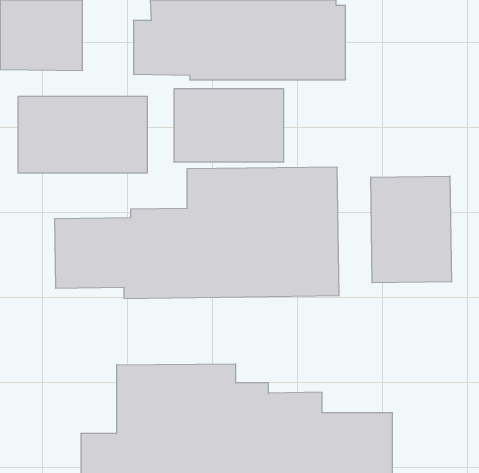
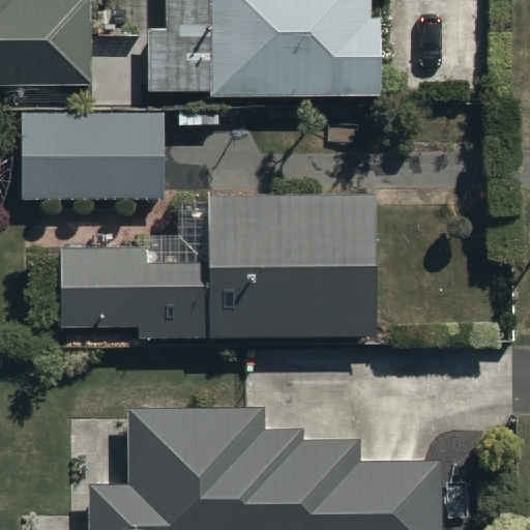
building: [174,89,283,162] -> none
building: [371,176,451,283] -> none

